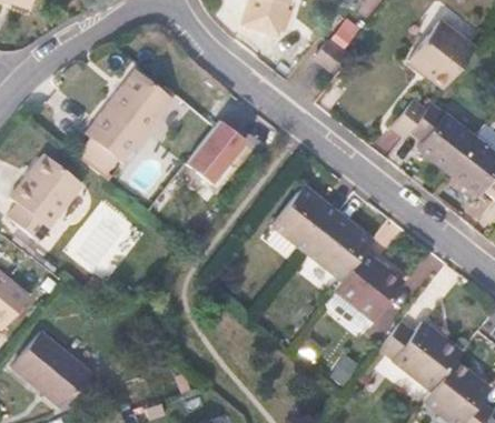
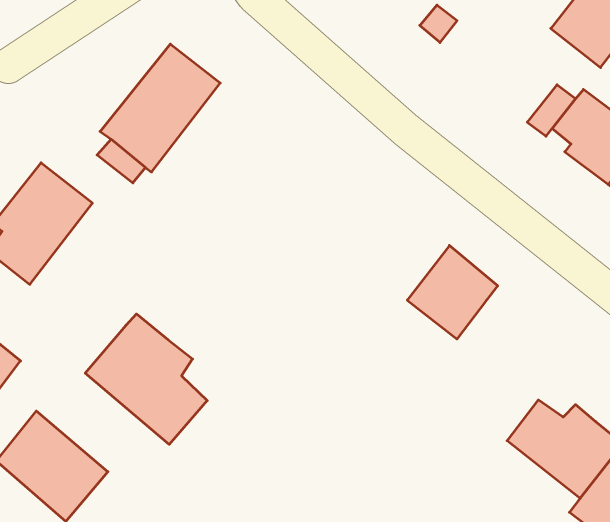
building: [177,121,241,191] -> none
building: [271,185,336,252] -> none
building: [333,252,403,322] -> none
building: none -> [85,314,207,444]

